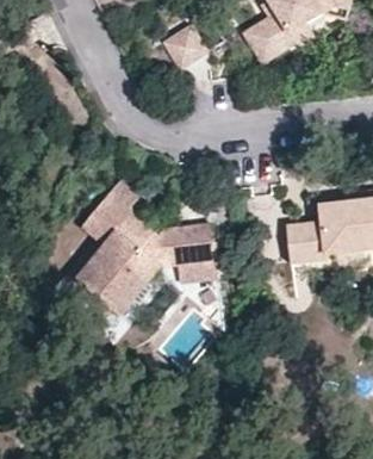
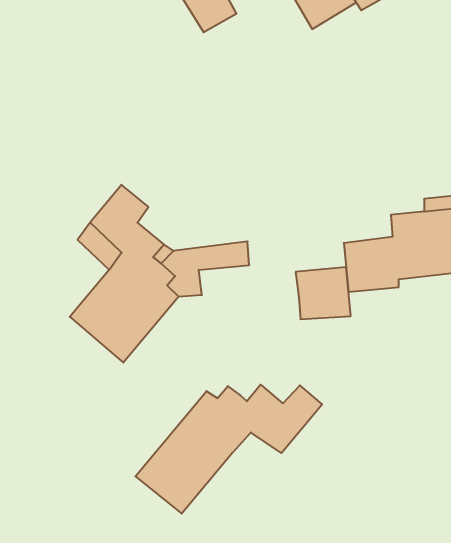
building: [175,241,217,280] -> [296,267,351,319]
building: none -> [135,385,322,514]

